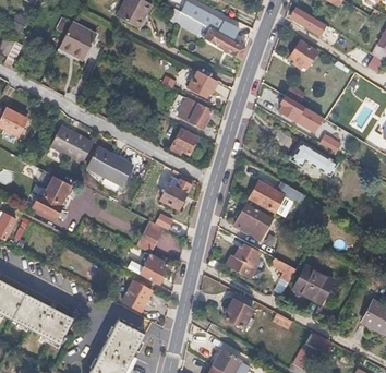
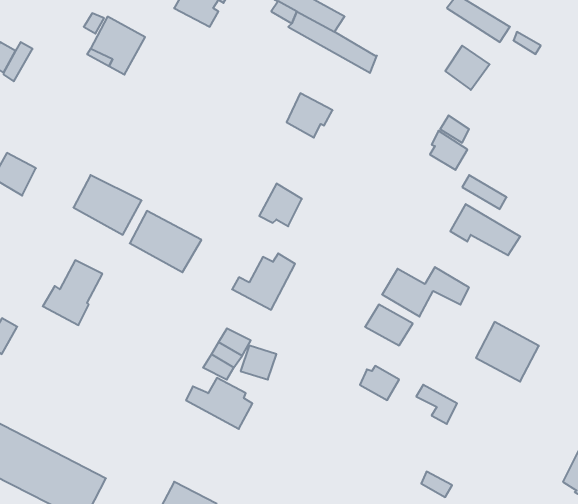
building: [178,98,212,129] -> none
building: [294,266,335,304] -> [476,322,539,382]
building: [122,278,150,311] -> none
building: [222,293,255,329] -> none

